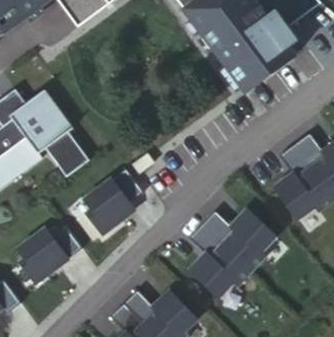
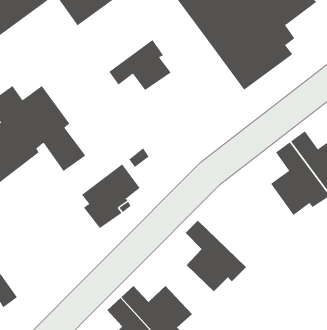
building: none -> [108,39,171,91]
building: [201,210,275,272] -> none
building: [17,223,82,282] -> none

